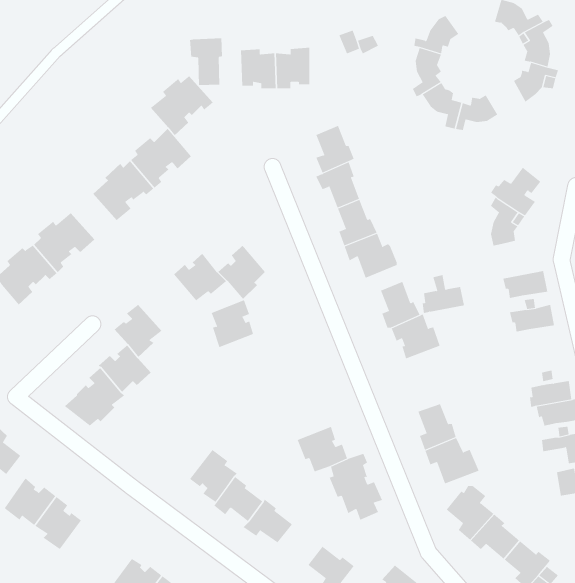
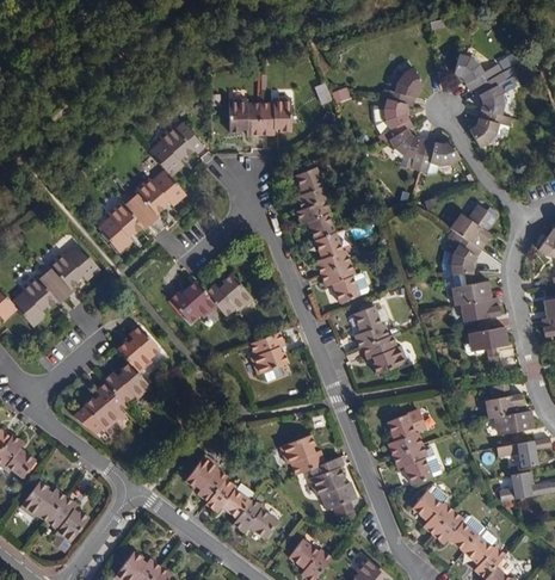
building: [189,38,223,86] -> none
building: [422,274,465,313] -> [455,270,493,304]
building: [211,299,254,348] -> [249,332,288,375]

